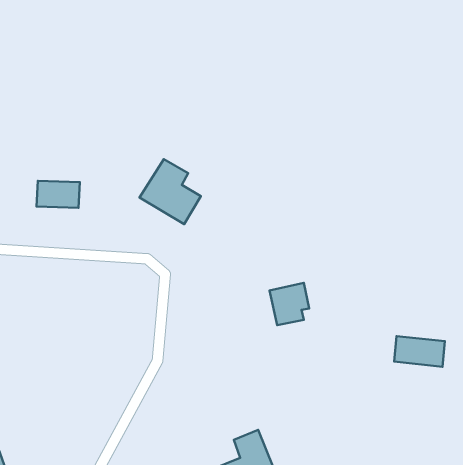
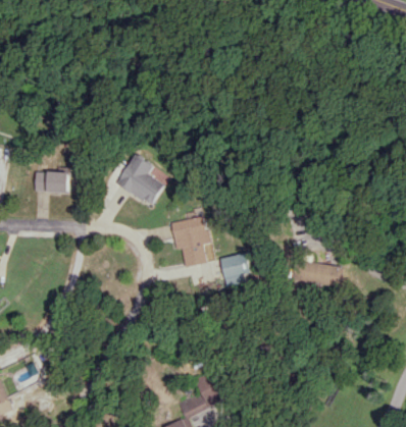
building: none -> [171,216,211,267]
building: [394,336,445,367] -> [303,262,344,286]

